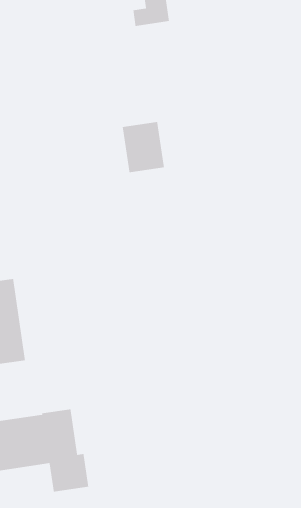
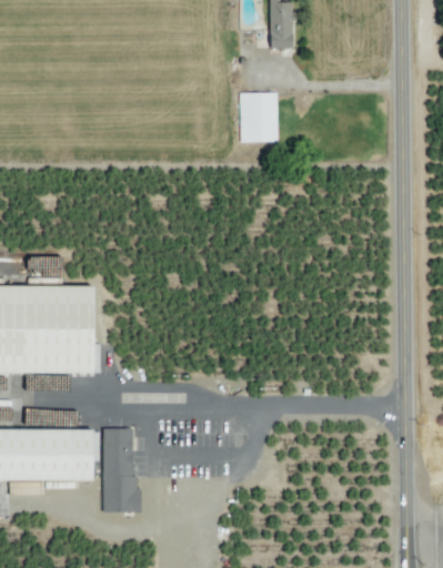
building: [122,121,165,173] -> [240,92,278,141]

